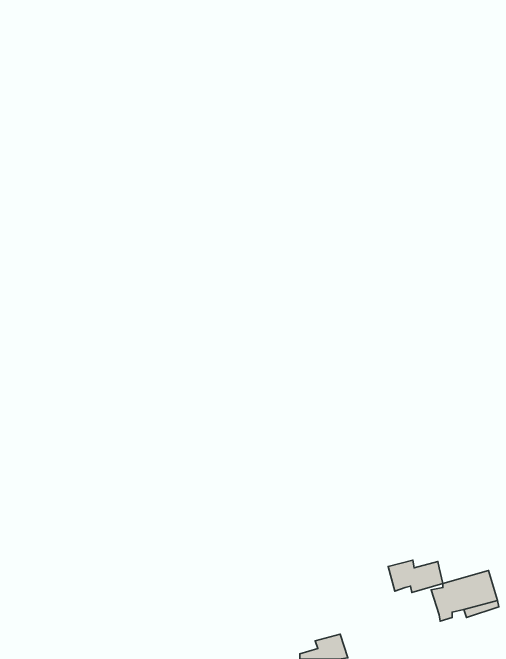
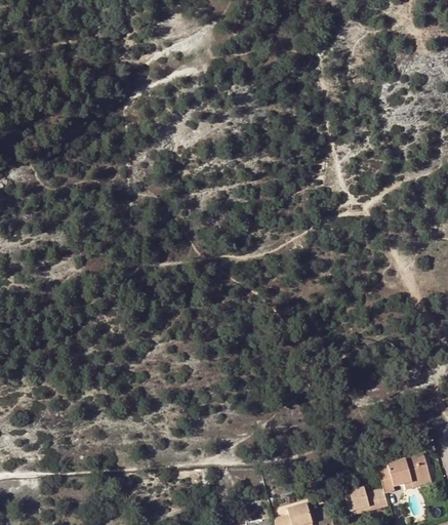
building: [388,560,443,593] -> [344,487,388,513]

